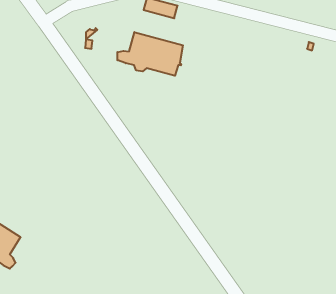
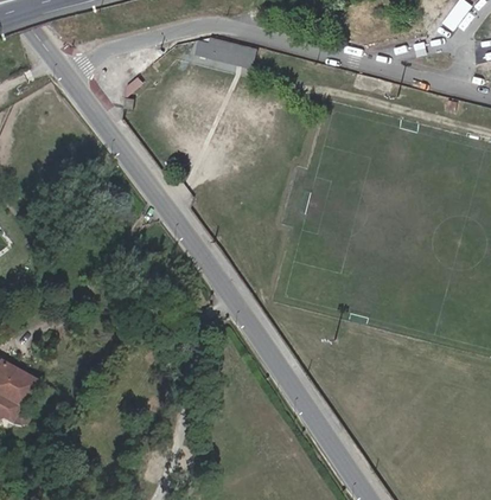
building: [117,32,183,76] -> none

